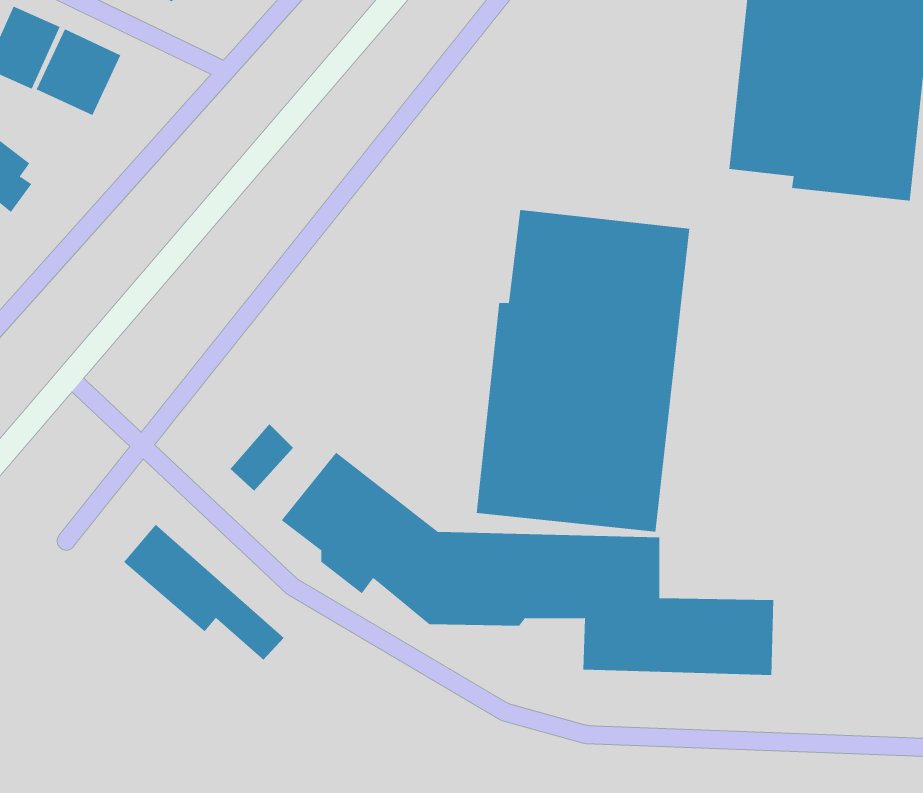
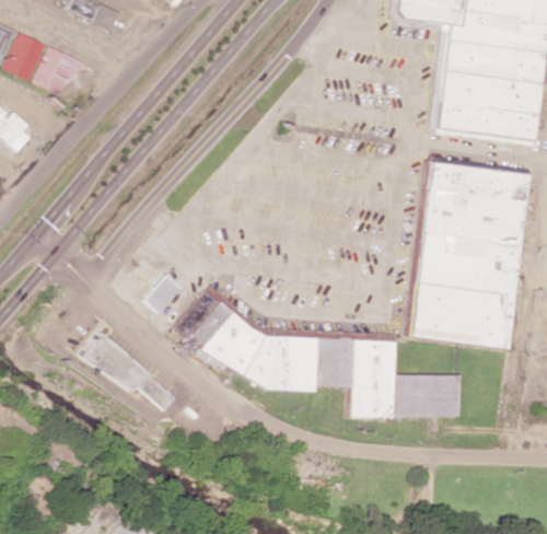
building: [476,210,690,532] -> [407,162,531,348]

